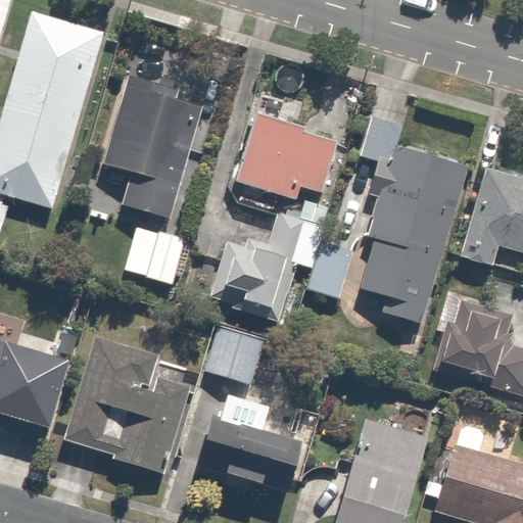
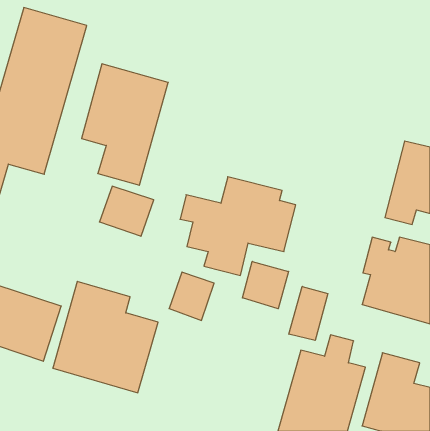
building: [232,111,341,210] -> none
building: [359,118,468,334] -> none
building: none -> [242,261,289,309]
building: none -> [289,286,328,340]
building: [198,399,314,502] -> none

